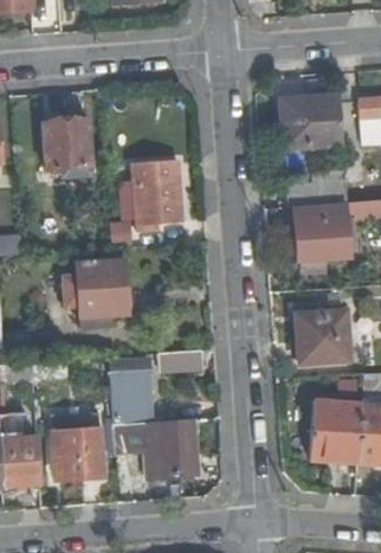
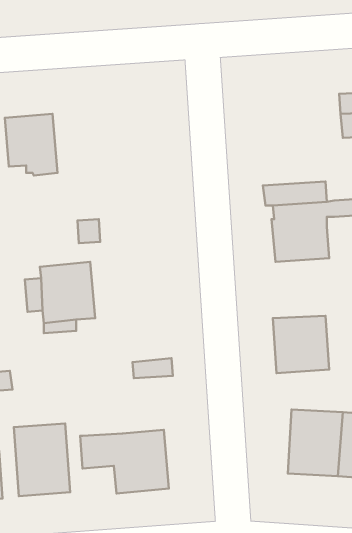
building: [280,98,343,150] -> none
building: [131,161,181,221] -> none
building: [109,356,154,424] -> none

